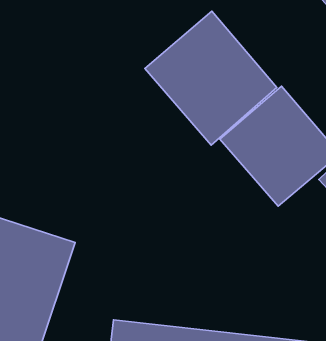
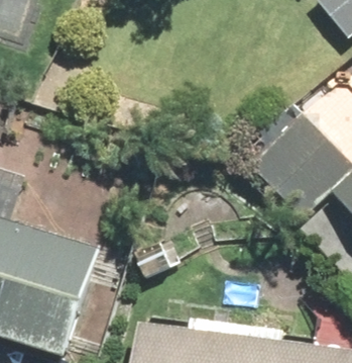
building: [145,11,277,145] -> none

